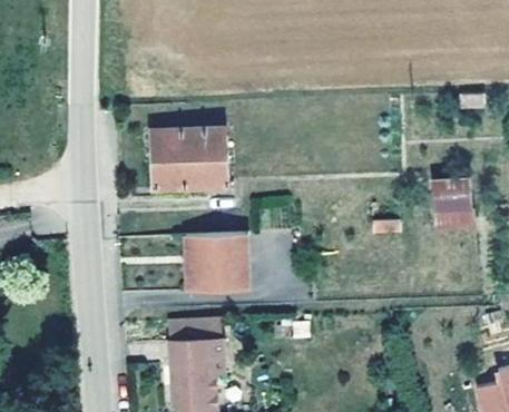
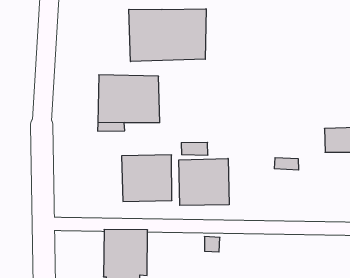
building: none -> [129,9,206,62]
building: none -> [179,158,229,205]

